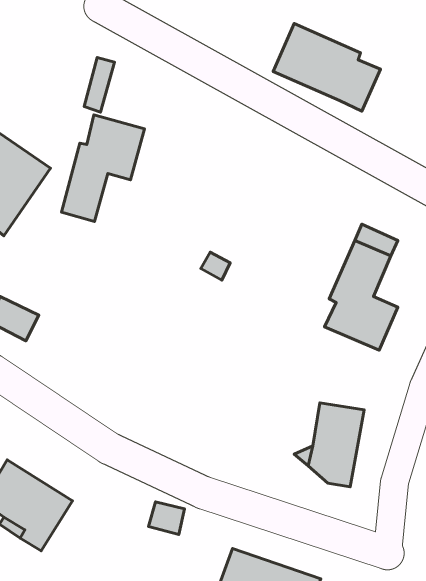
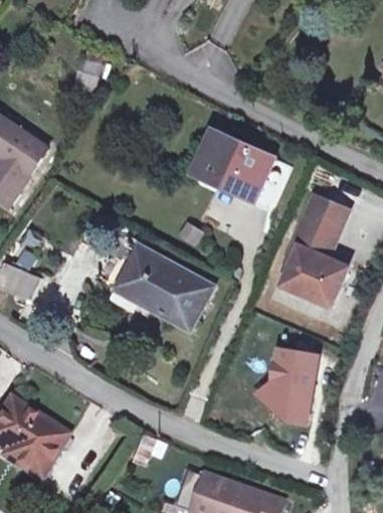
building: [273,24,380,111] -> [196,132,289,207]
building: [61,115,144,222] -> none
building: none -> [116,246,209,327]

